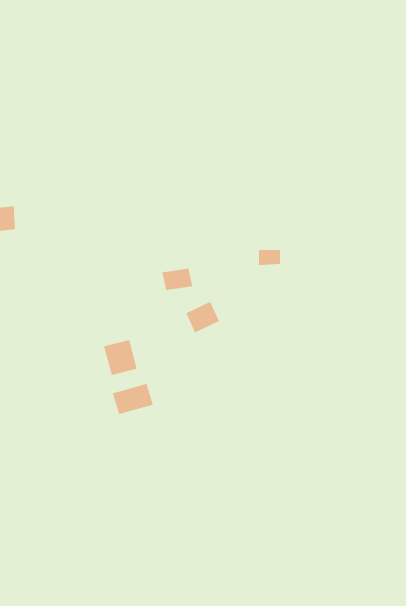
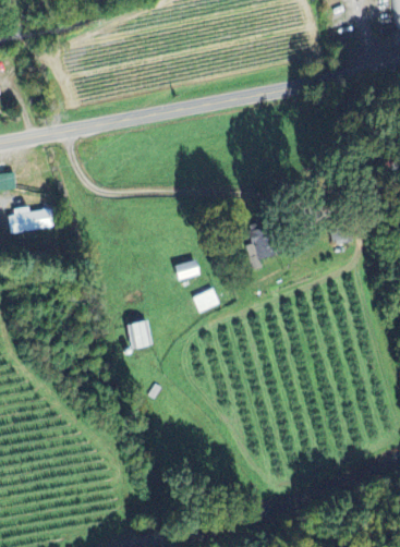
building: [112,383,154,415] -> none

